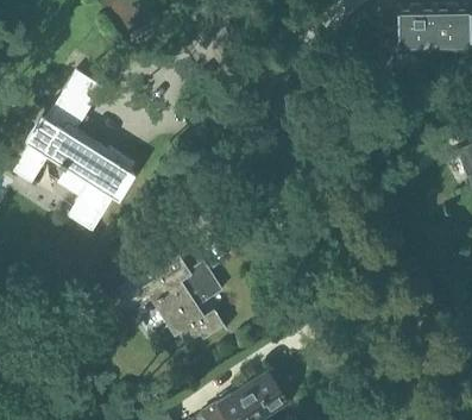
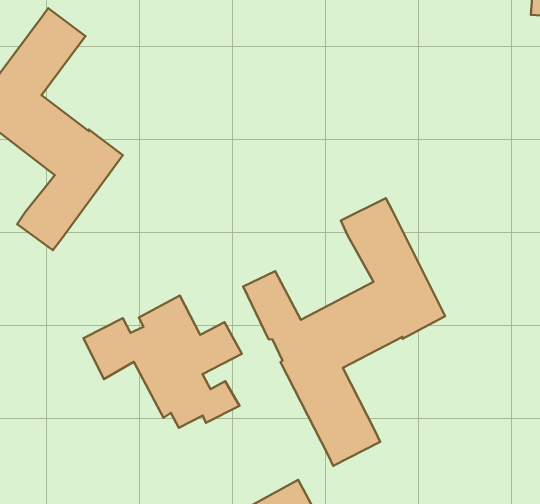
building: none -> [243,198,445,466]

